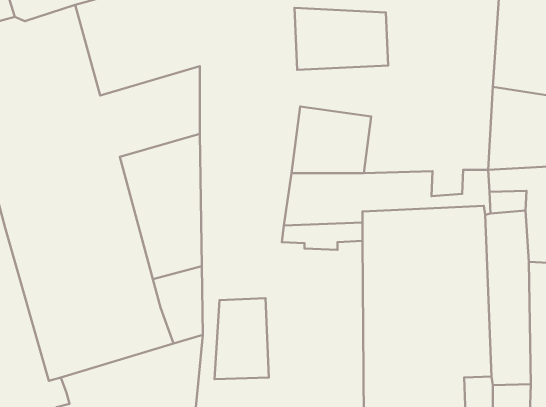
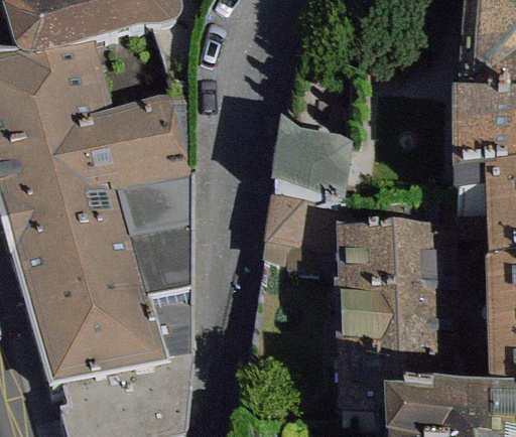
building: [295,8,388,70] -> none
building: [215,298,269,379] -> none

